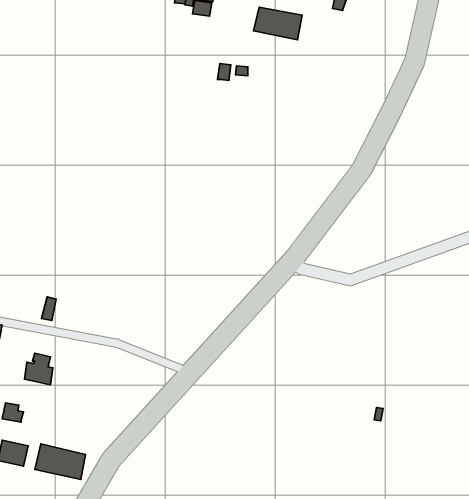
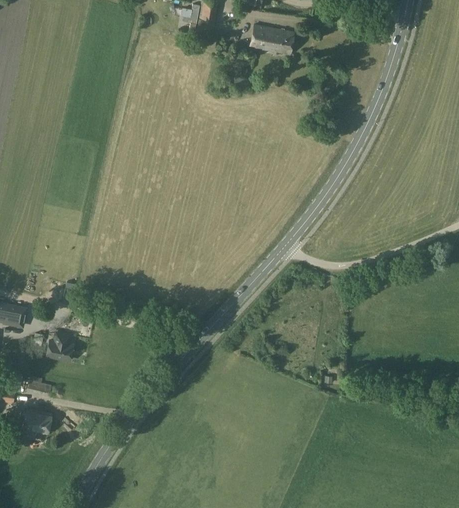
building: [35,444,86,479] -> none

